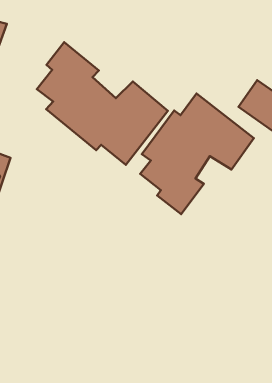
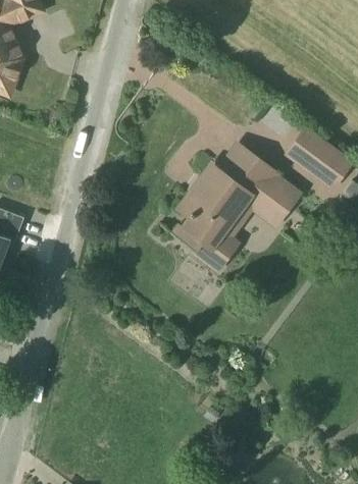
building: [37,42,168,165] -> none

